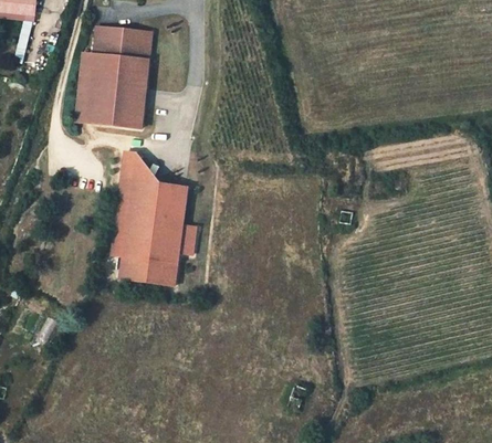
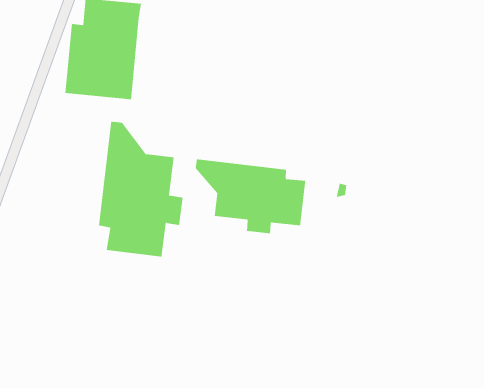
building: none -> [195,158,306,234]

